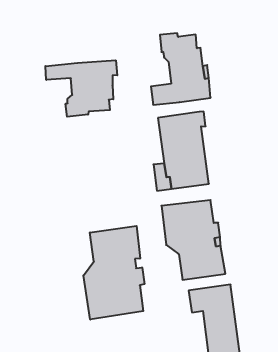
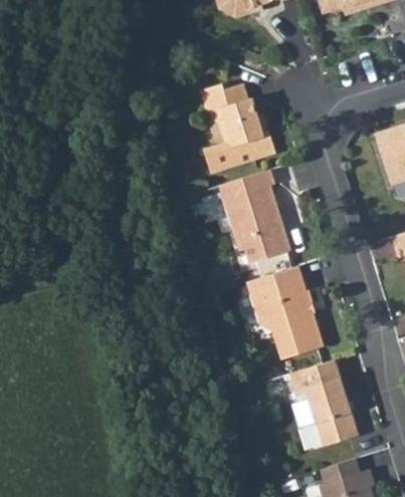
building: [45,60,117,117] -> none
building: [83,226,144,320] -> none

